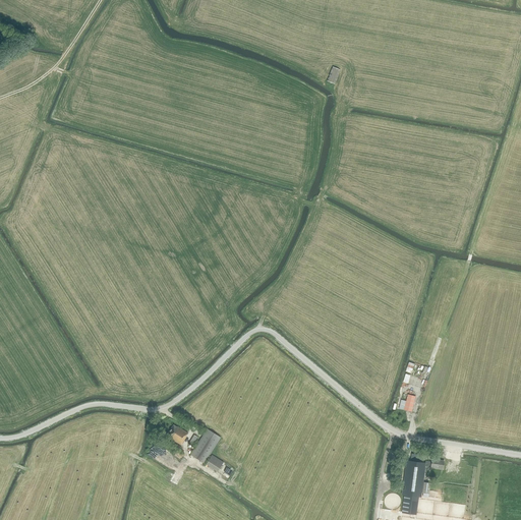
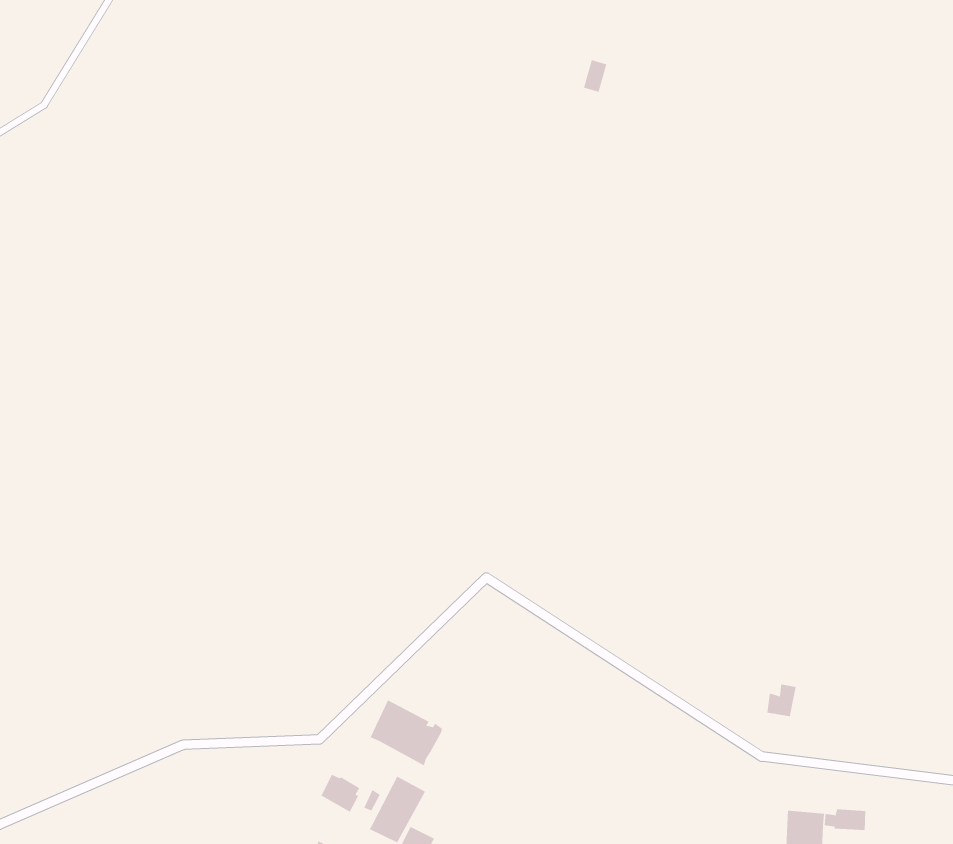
building: none -> [370,700,442,766]

